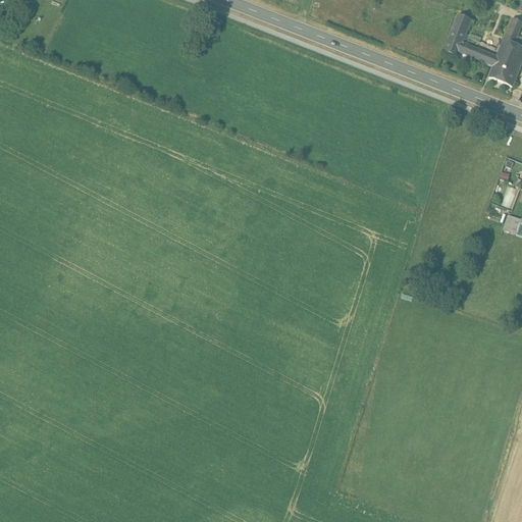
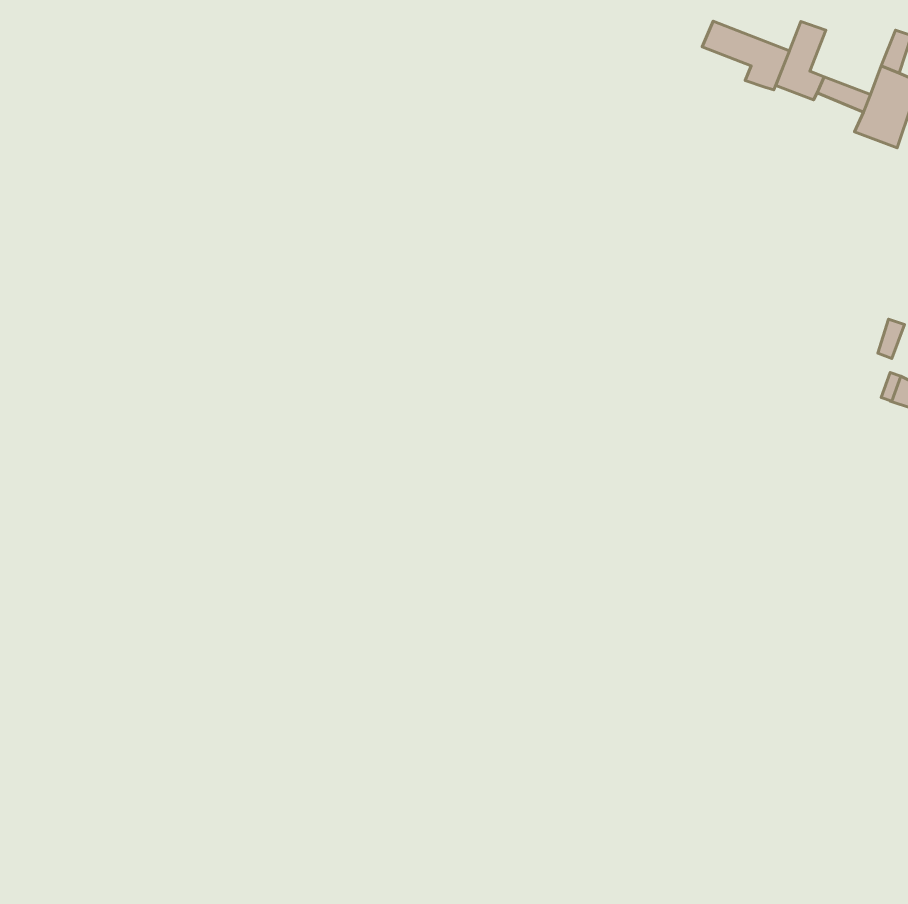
building: none -> [702,21,789,90]

